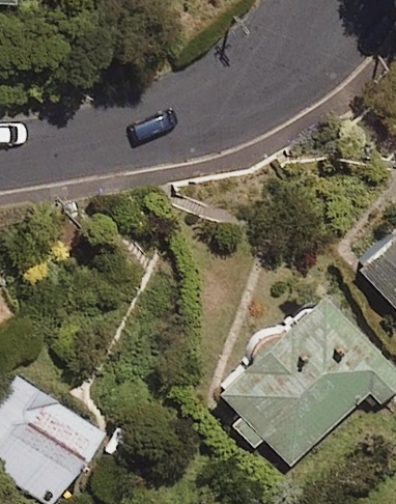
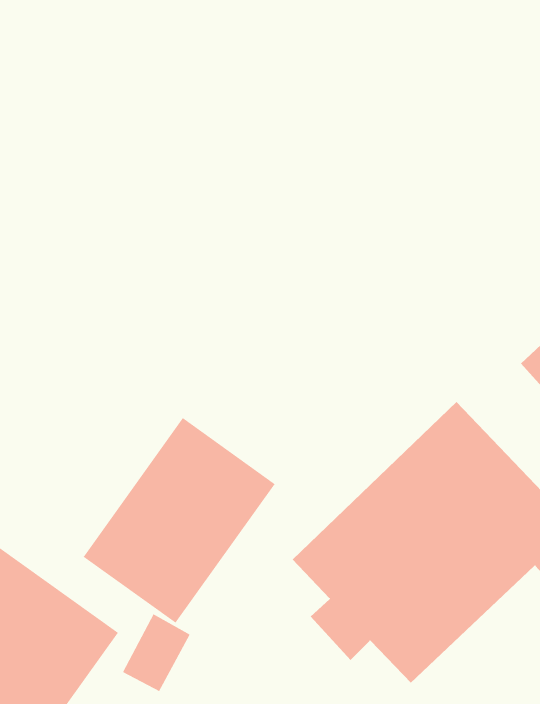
building: none -> [83,417,276,624]

